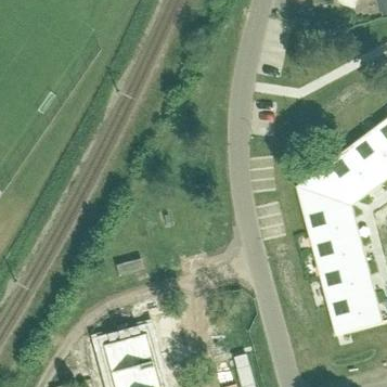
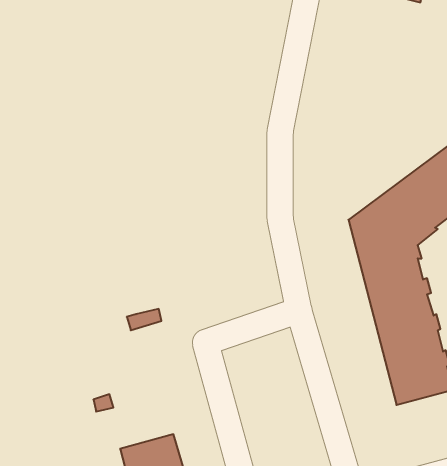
building: [103,332,155,372] -> none

